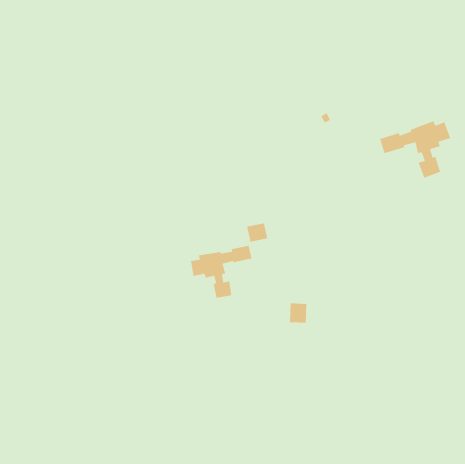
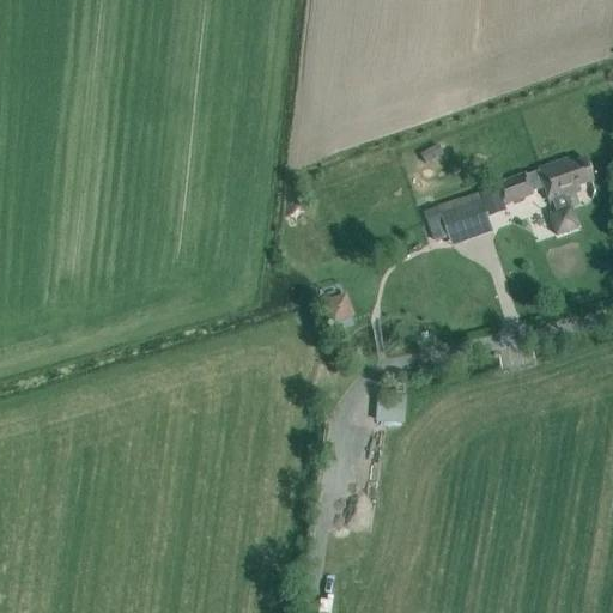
building: none -> [427,193,492,241]
building: [190,245,252,299] -> none

